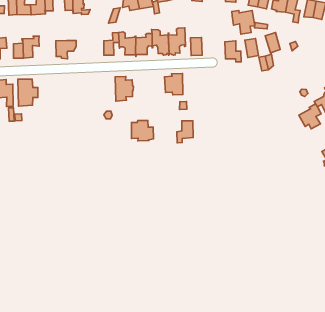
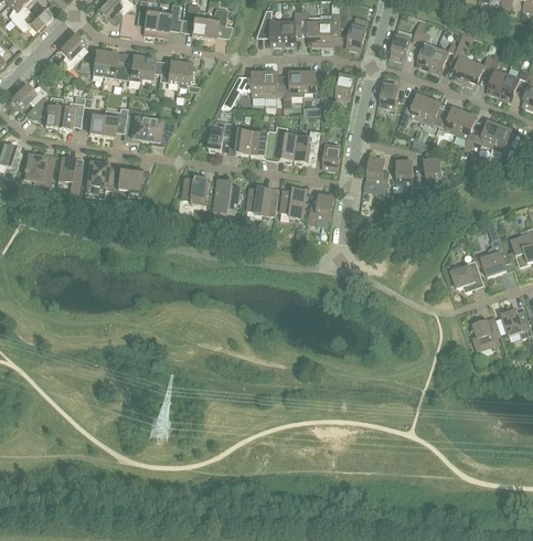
building: [232,11,255,34] -> none
building: none -> [124,113,148,141]
building: none -> [181,176,209,204]
building: none -> [116,165,150,188]
building: [131,121,153,141] -> [246,187,277,215]
building: [177,121,193,143] -> [308,194,333,223]

